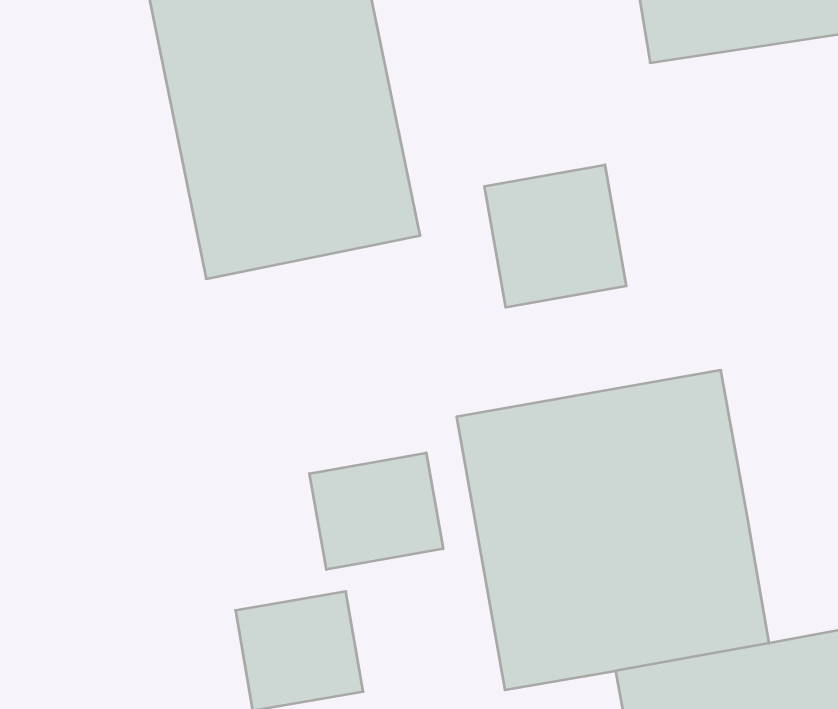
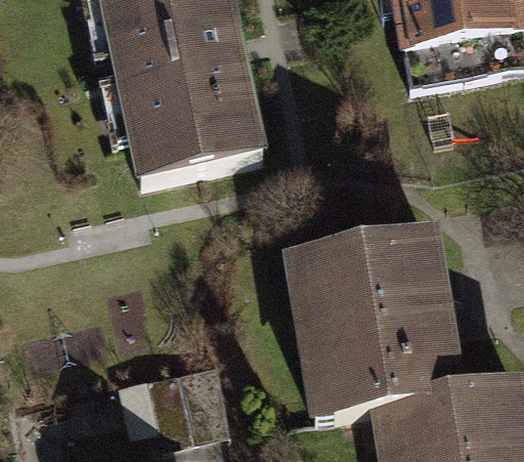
building: [484,165,626,307] -> none
building: [309,453,443,570] -> none

